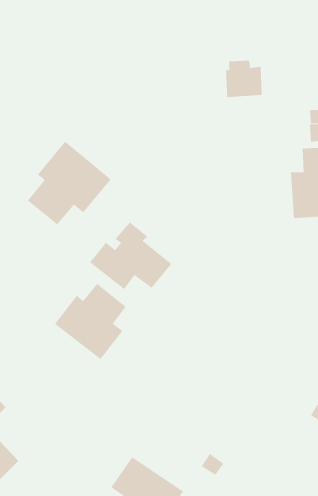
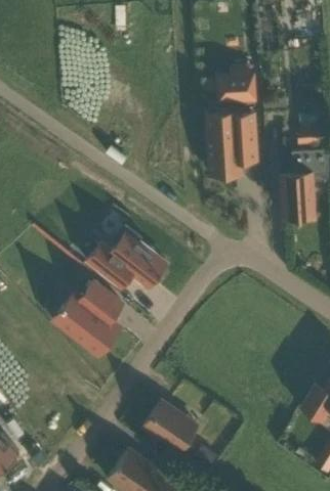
building: none -> [209,116,258,178]
building: [27,141,111,225] -> none
building: none -> [146,403,199,454]

